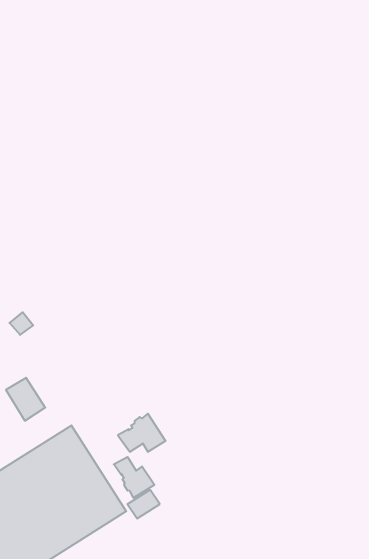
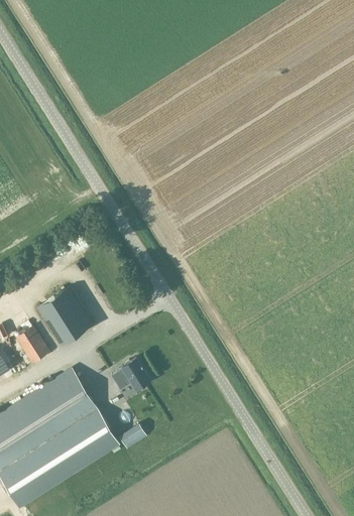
building: none -> [37,289,92,347]
building: [114,457,154,498] -> none

